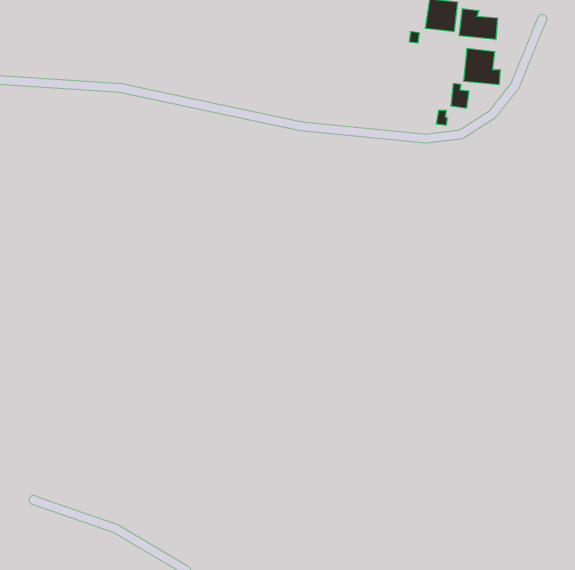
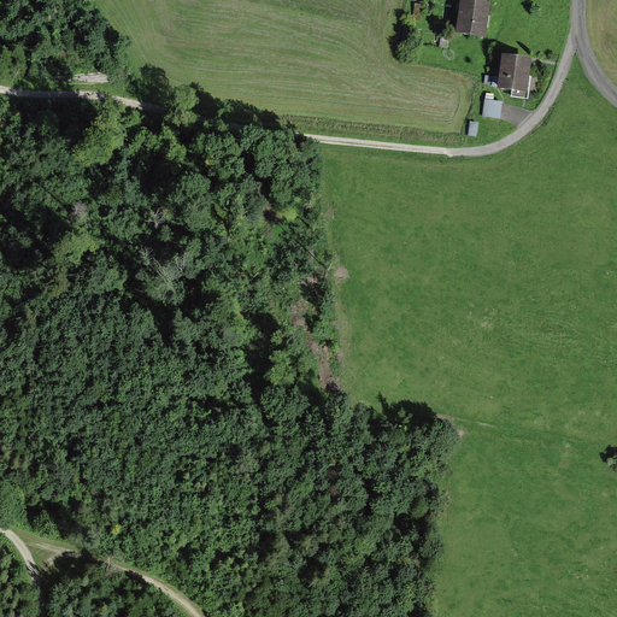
building: [459,8,497,40] -> none

